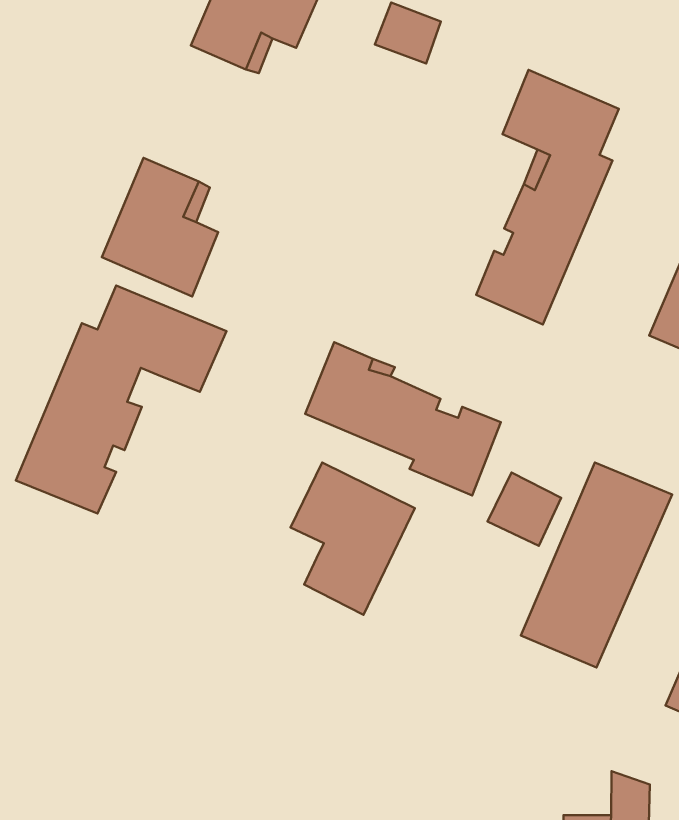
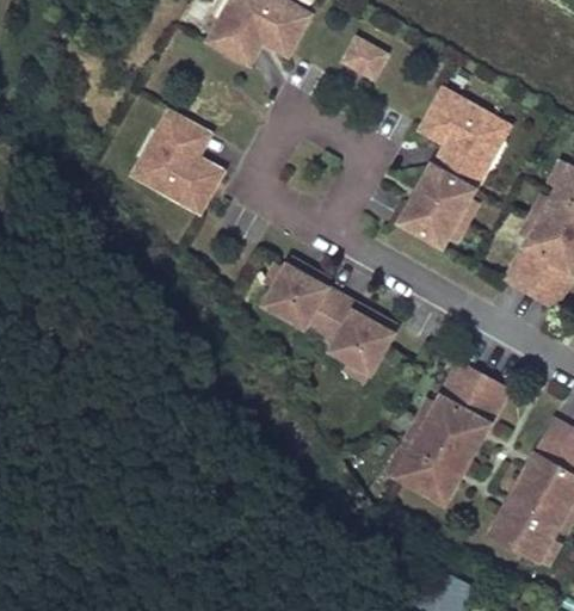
building: [16,285,227,513] -> none
building: [291,463,415,615] -> none
building: [488,473,561,546] -> none

